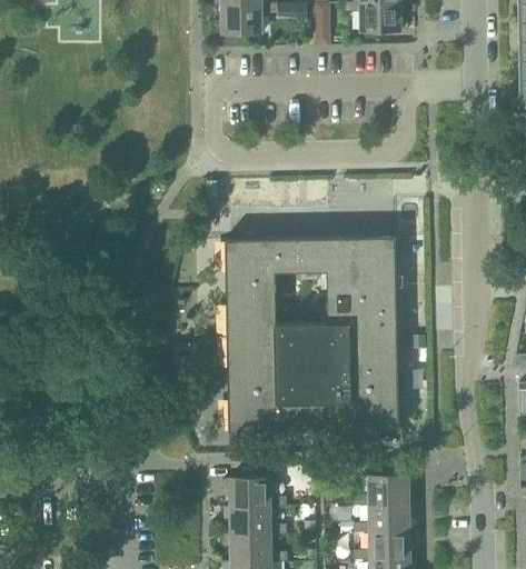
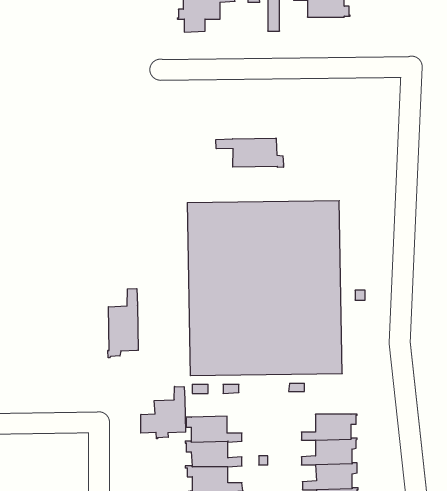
building: none -> [216,138,283,167]
building: none -> [108,289,138,358]
building: none -> [141,386,186,439]

